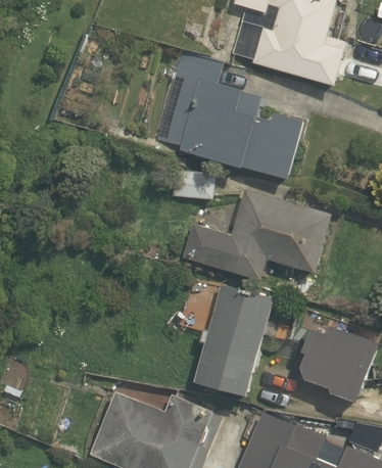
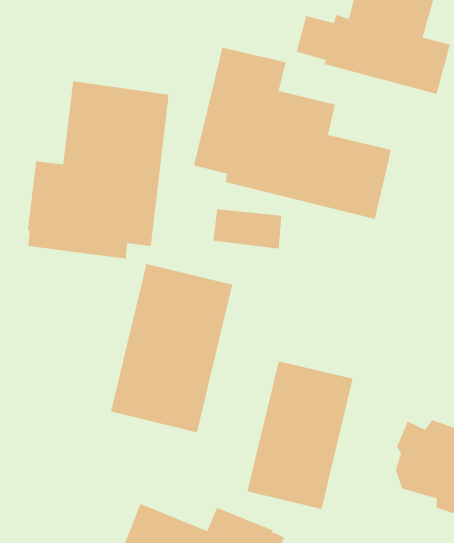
building: none -> [27,81,169,259]
building: [180,188,331,279] -> none
building: none -> [110,263,233,433]

